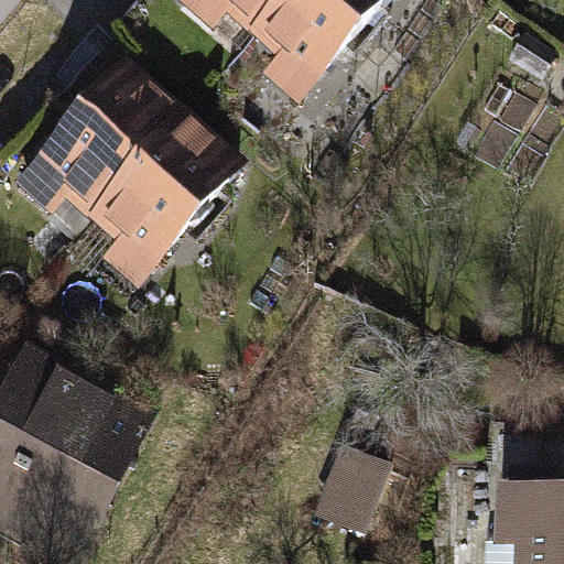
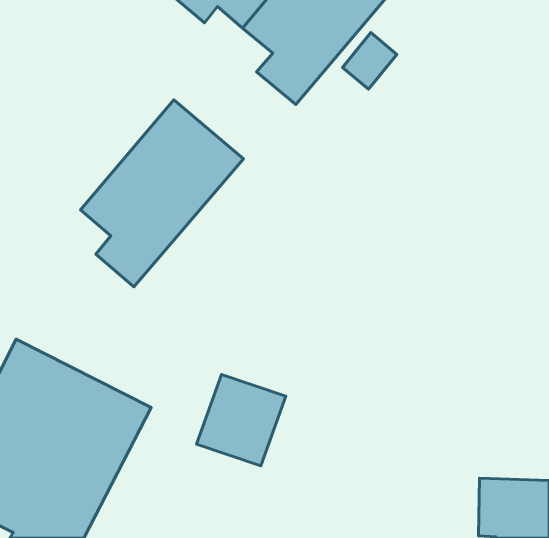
building: [4,47,176,213] -> none
building: [310,443,400,535] -> [197,375,286,466]

